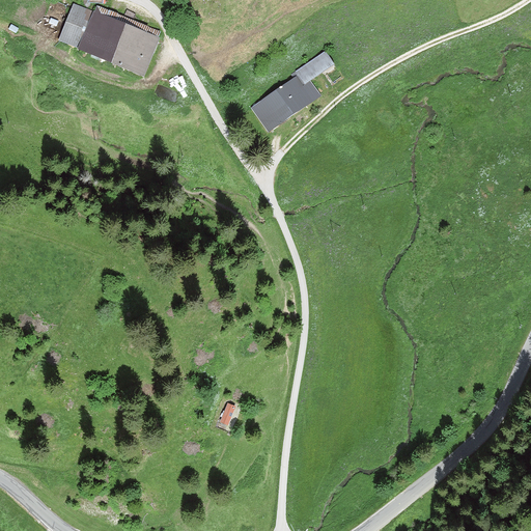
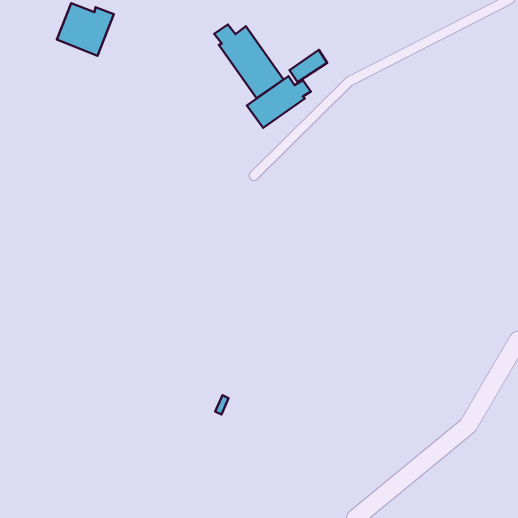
building: [100,15,159,74] -> none
building: none -> [214,24,284,98]

